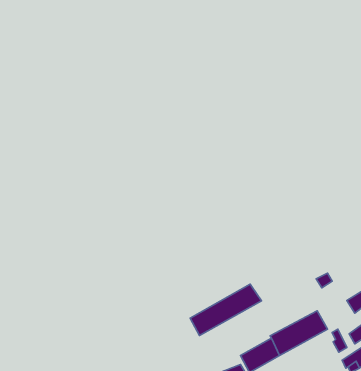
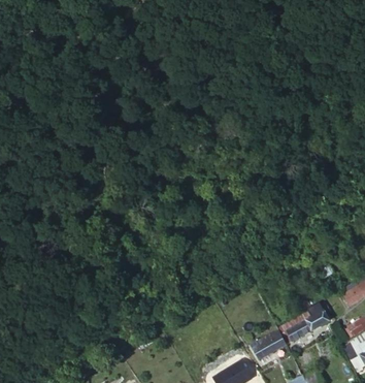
building: [190,284,262,335] -> none

